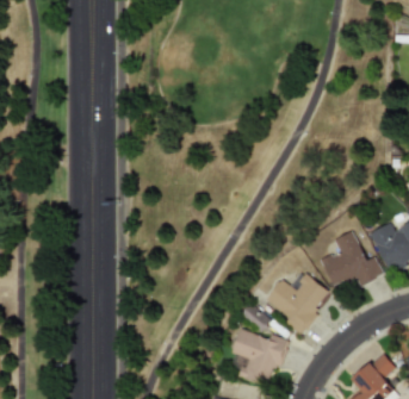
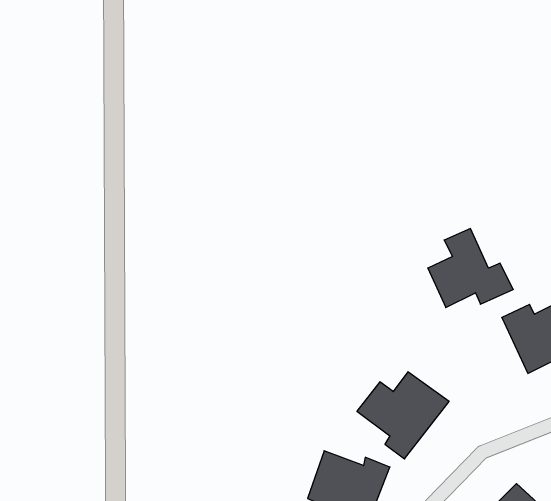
building: [321,231,383,288] -> [428,229,513,308]

